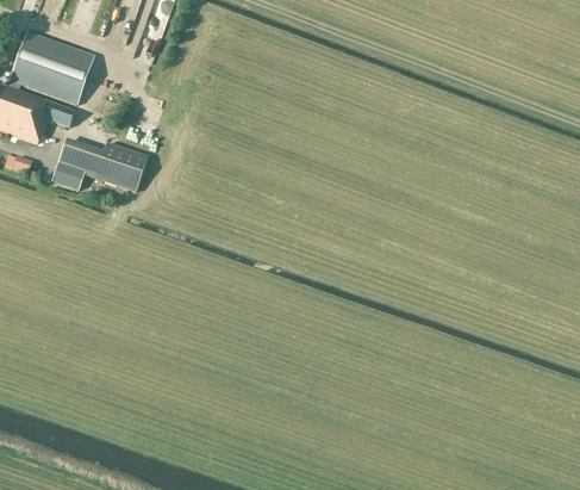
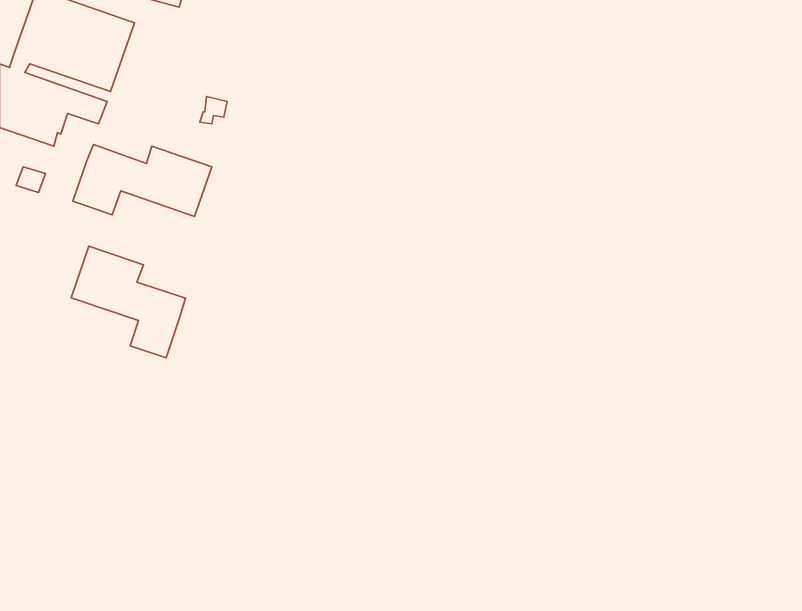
building: none -> [71,246,185,358]

